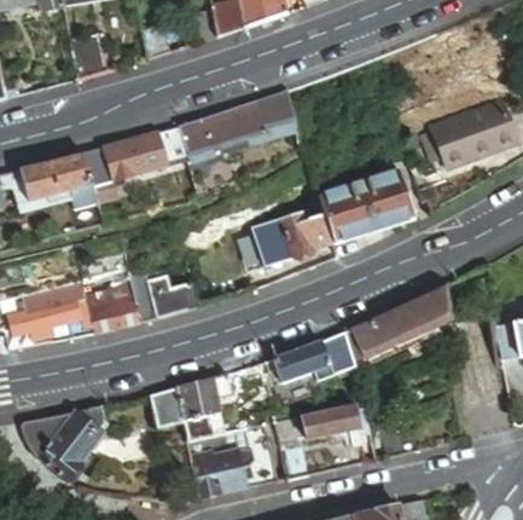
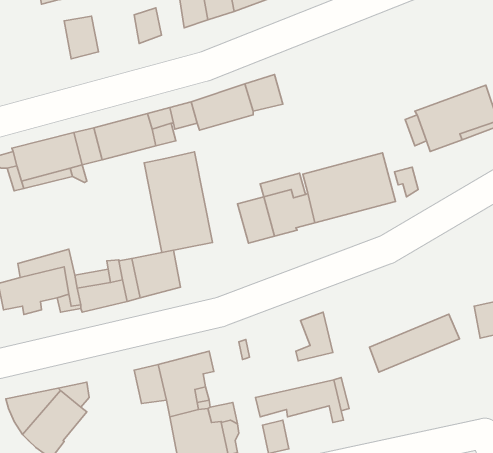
building: none -> [144,152,213,253]
building: [348,294,440,353] -> [369,314,460,372]
building: [268,340,327,386] -> none

